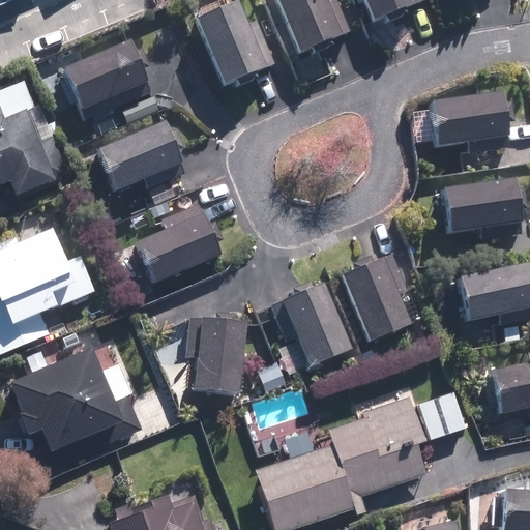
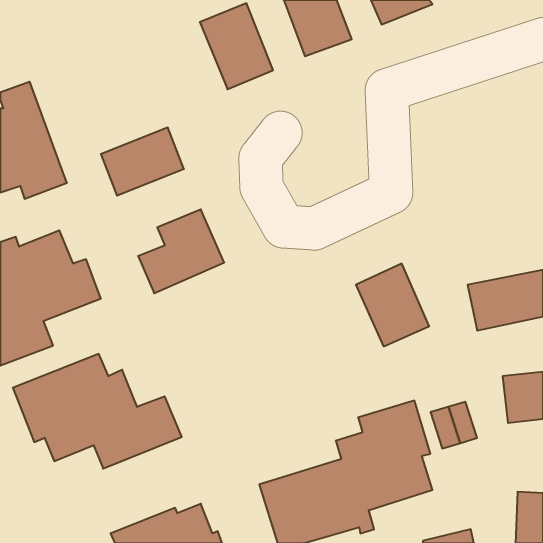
building: [59,40,148,113] -> none
building: [429,90,506,154] -> none
building: [441,181,520,243] -> none
building: [278,286,354,371] -> none
building: [190,317,252,391] -> none

